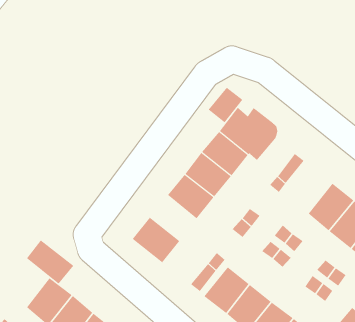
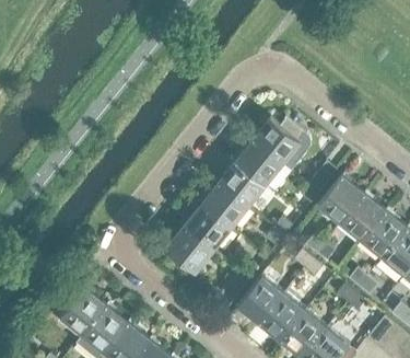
building: [208,87,243,123] -> none
building: none -> [317,174,364,223]
building: none -> [183,205,230,251]
building: [26,240,74,284] -> none

